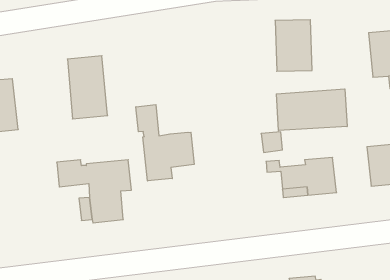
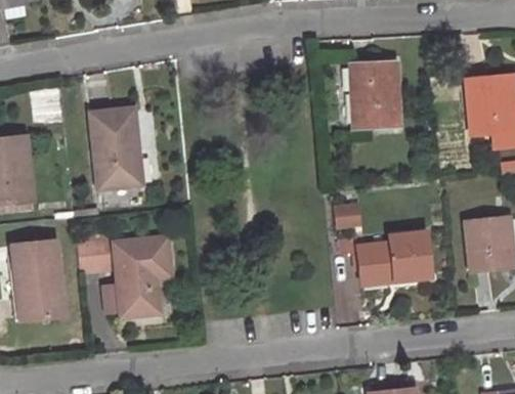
building: [276,89,347,131] -> none
building: [136,105,194,181] -> none
building: none -> [13,242,61,320]

